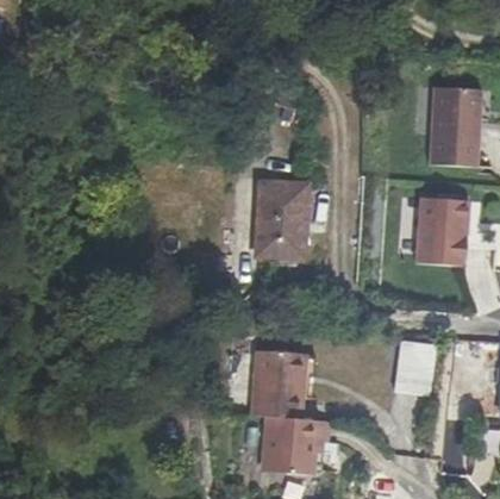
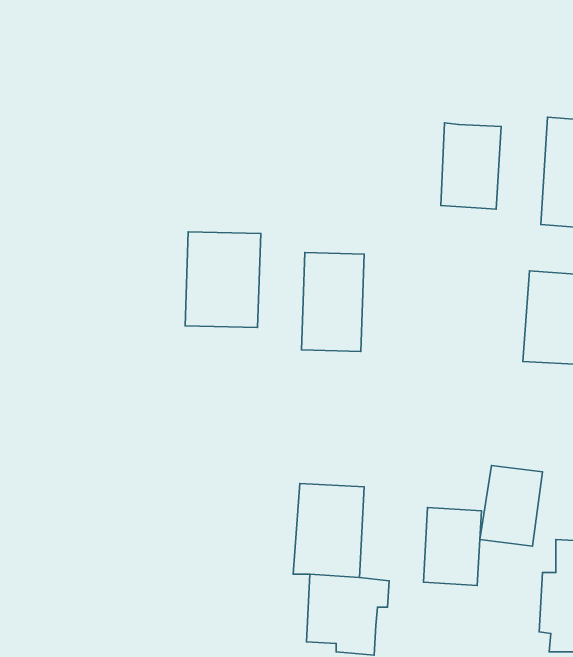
building: none -> [441,123,501,209]
building: none -> [185,232,261,327]
building: none -> [423,508,481,586]

